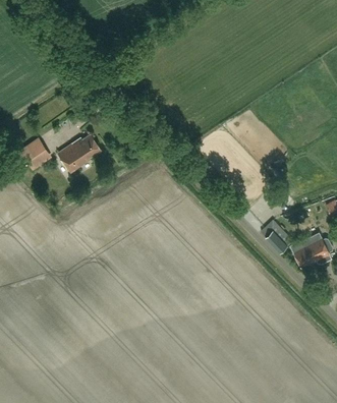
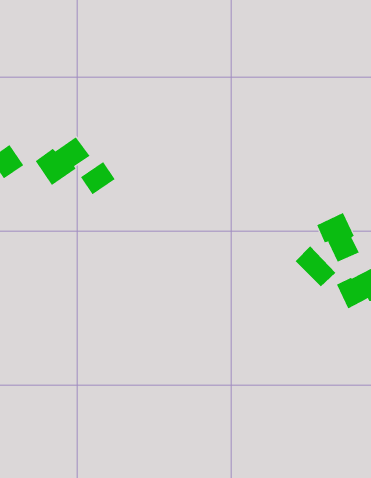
building: none -> [80,161,116,195]
building: none -> [316,212,359,262]

